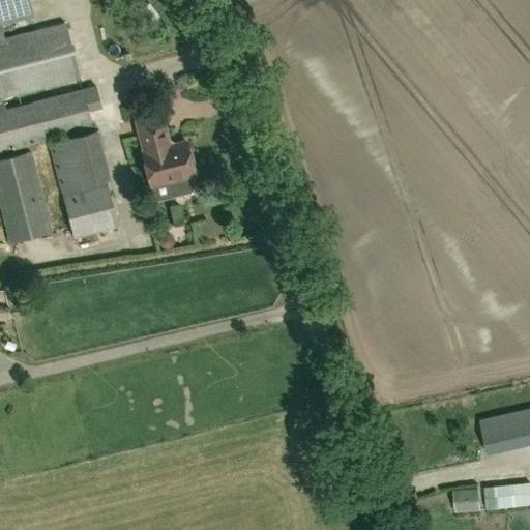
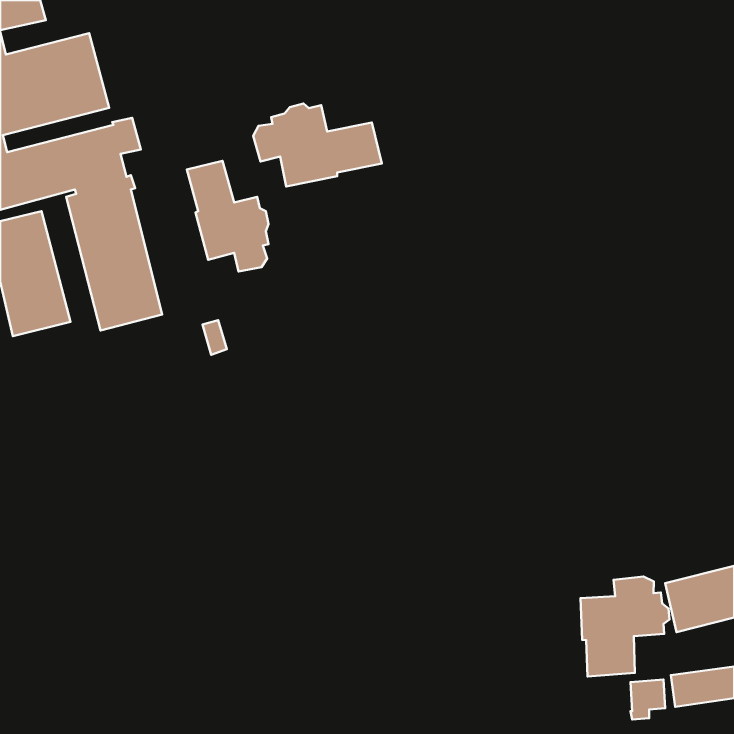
building: none -> [253,104,382,186]
building: none -> [581,576,670,677]

